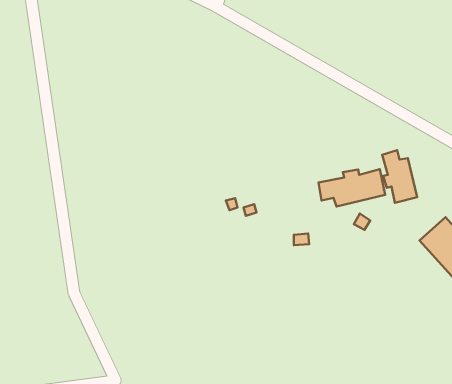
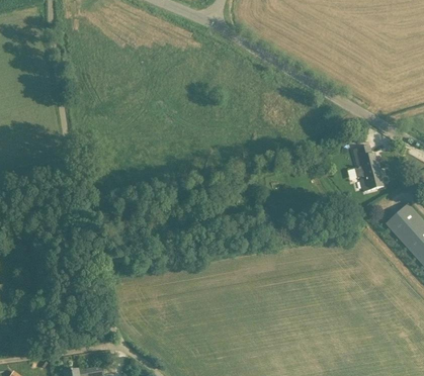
building: [318,169,385,207] -> none

